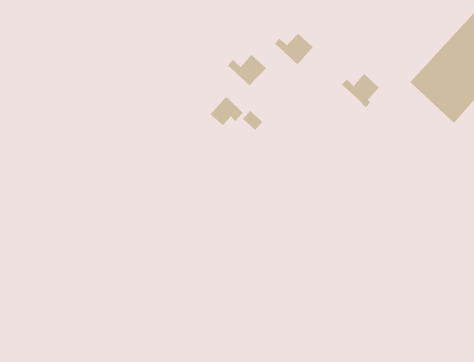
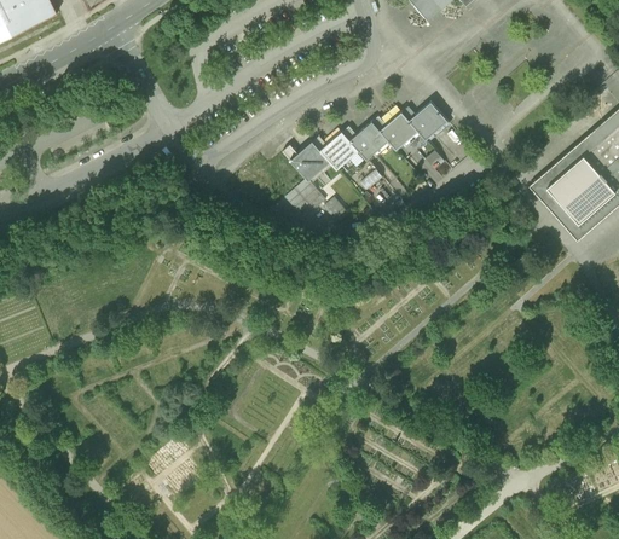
building: none -> [342,122,388,163]
building: none -> [283,143,330,181]
building: [341,73,380,108] -> [401,102,447,144]

